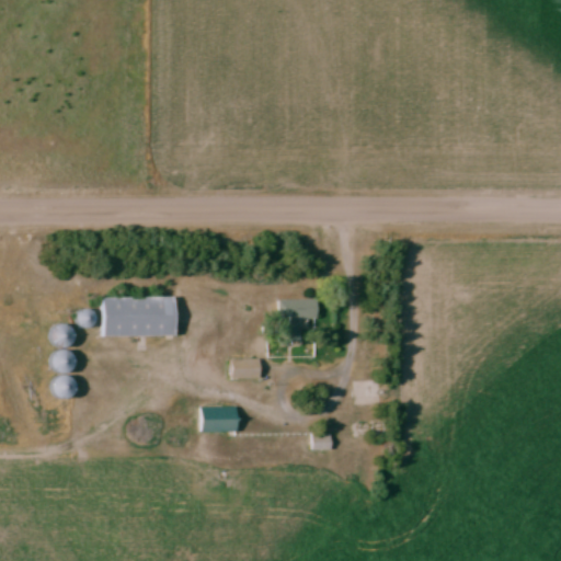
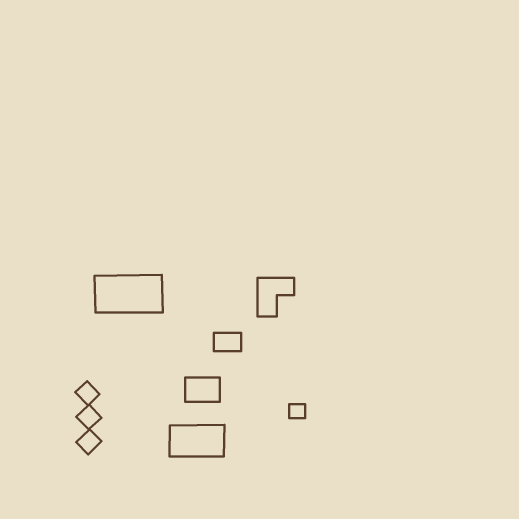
building: [49,321,78,400] -> [75,381,101,454]
building: none -> [169,425,224,457]

